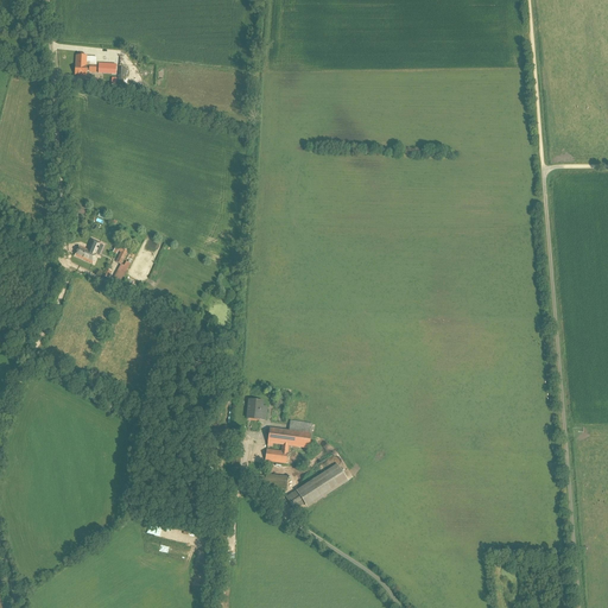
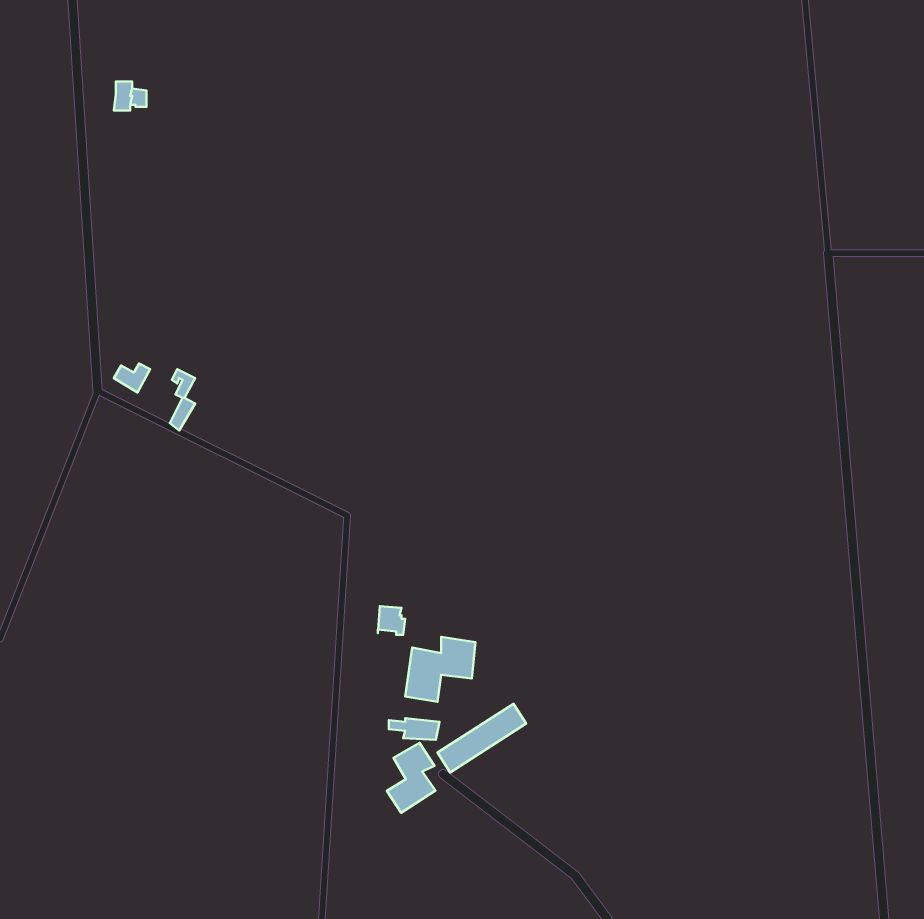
building: none -> [387,743,436,813]

